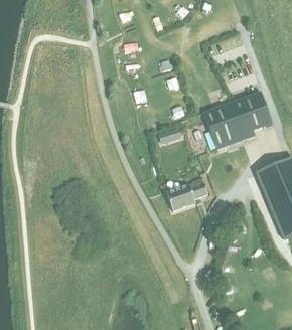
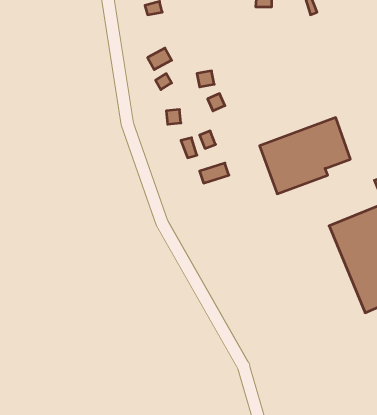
building: [164,178,205,211] -> none

